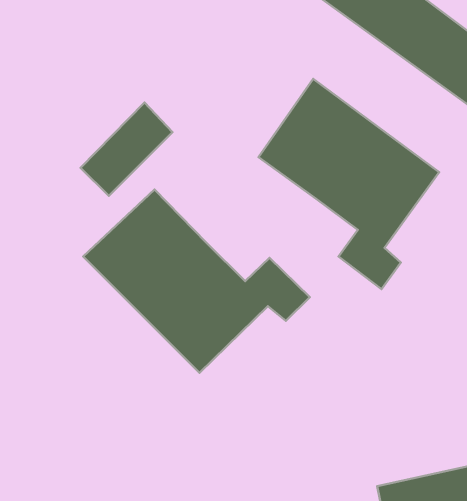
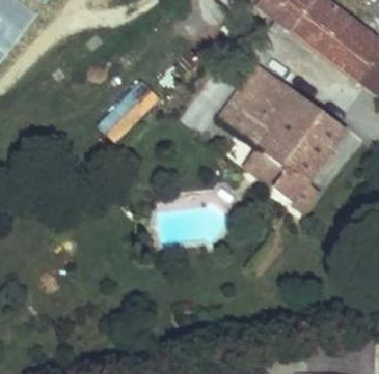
building: [83,189,310,373] -> none
building: none -> [245,149,290,190]

